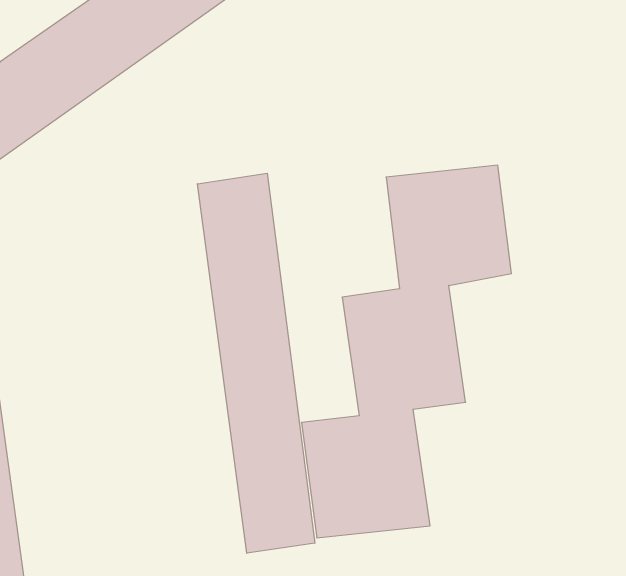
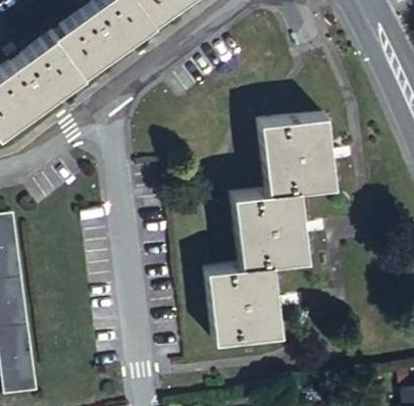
building: [197,173,315,553] -> none

